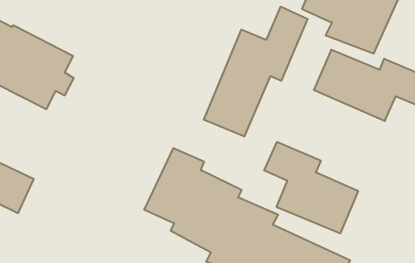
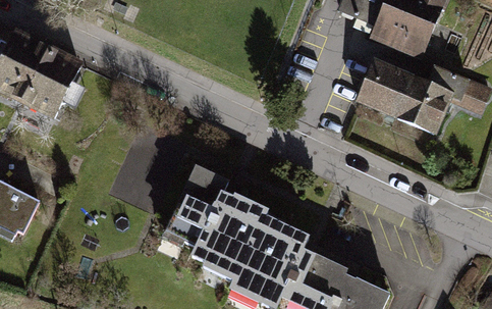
building: [204,7,308,137] -> none
building: [264,142,358,233] -> none

